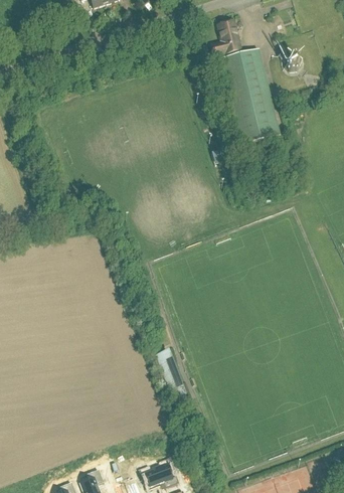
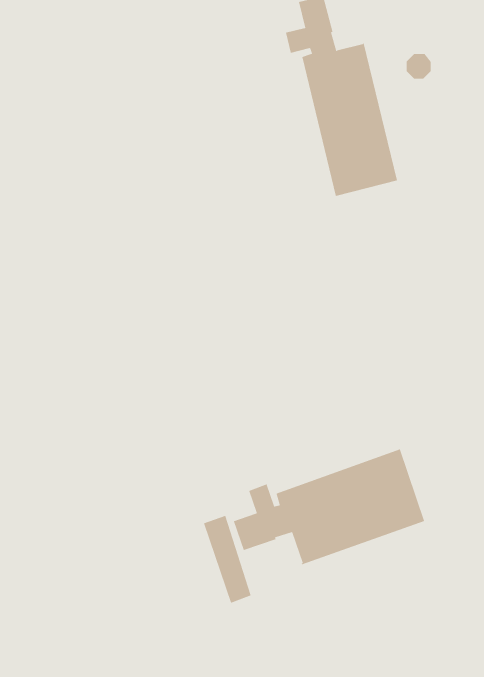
building: none -> [233,448,425,565]

